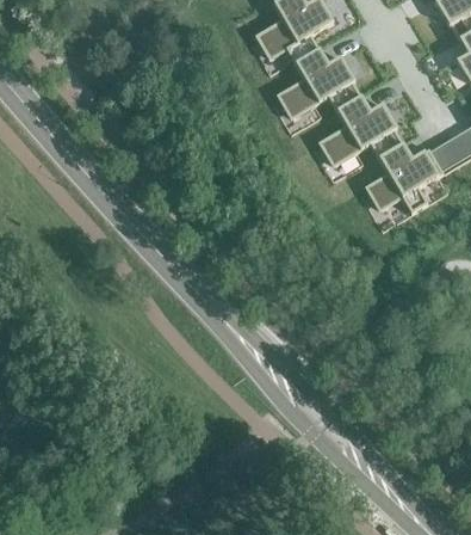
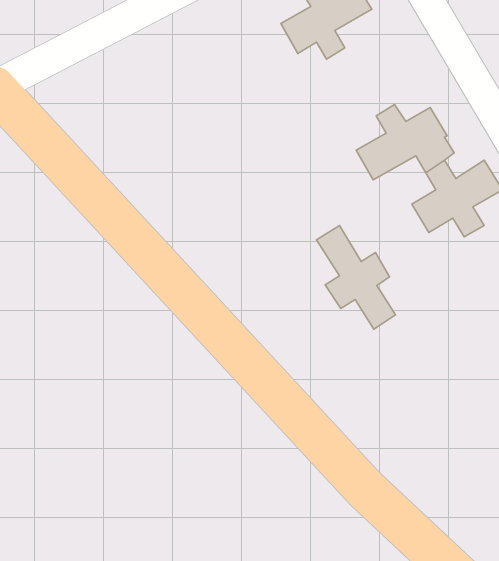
building: [279,53,361,116] -> none
building: none -> [316,225,396,329]

